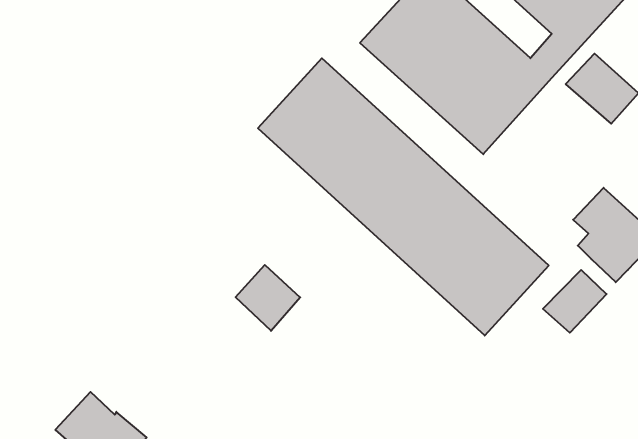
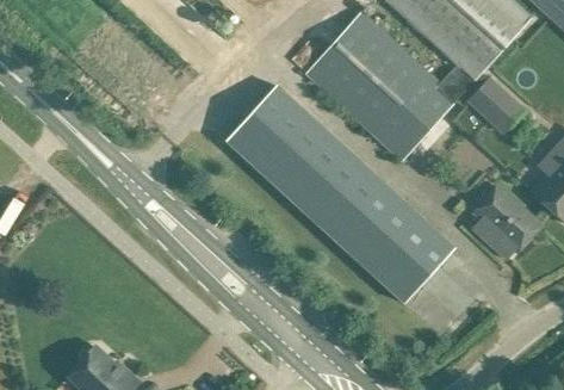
building: [236,265,300,331] -> none
building: [543,270,607,333] -> none

